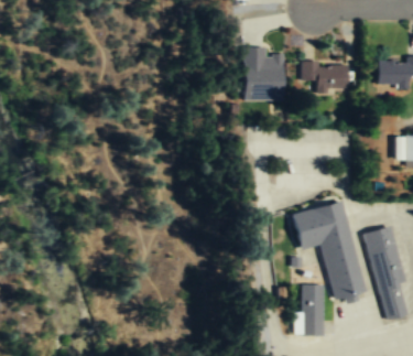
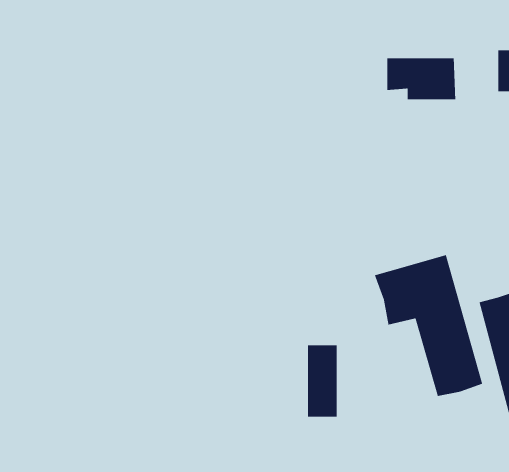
building: [242,46,283,100] -> none
building: [303,283,324,334] -> [307,345,337,417]

